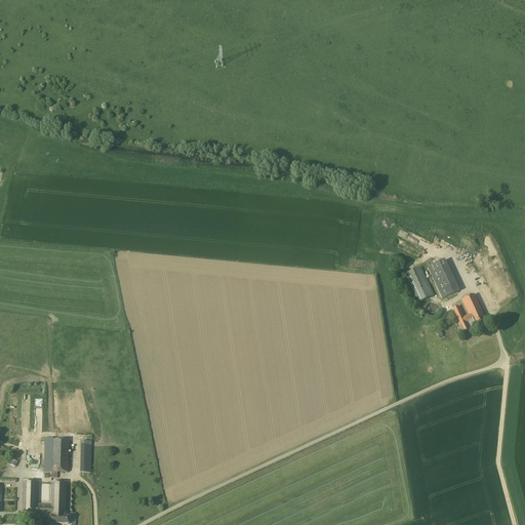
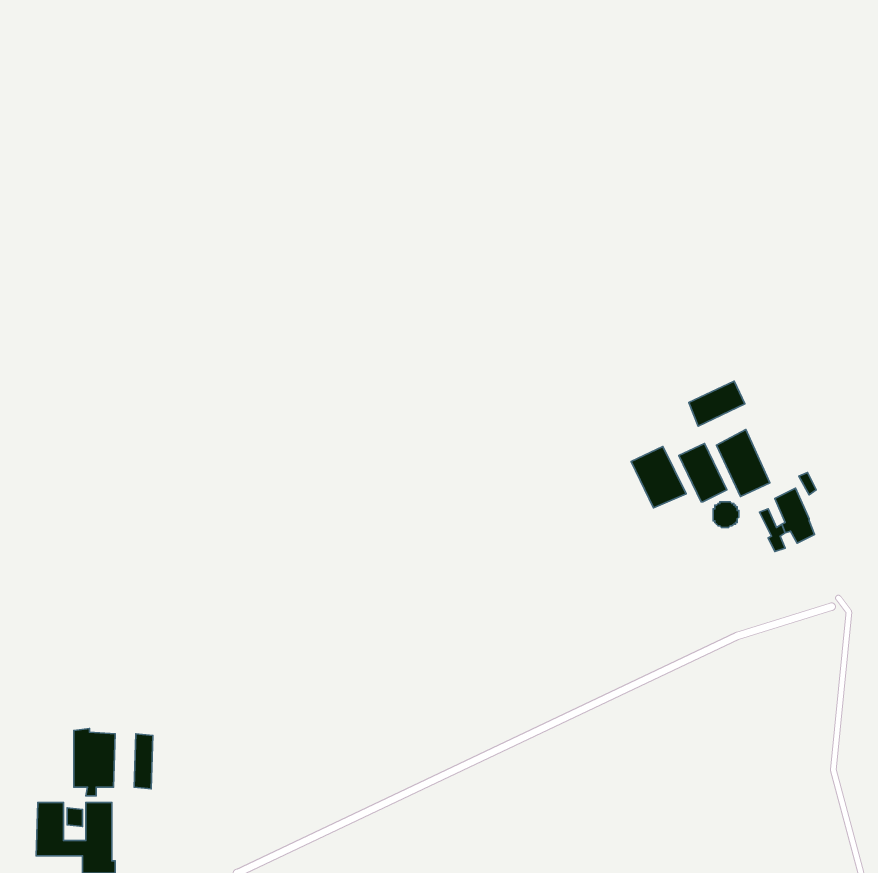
building: none -> [689,381,745,426]
building: none -> [631,446,686,508]

